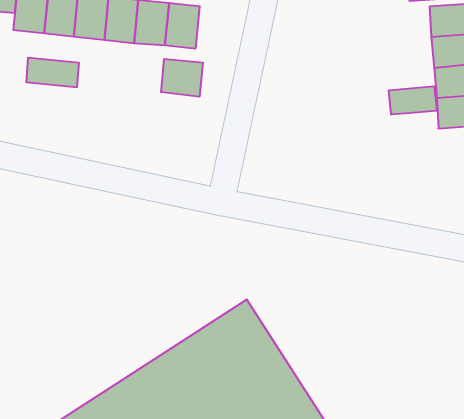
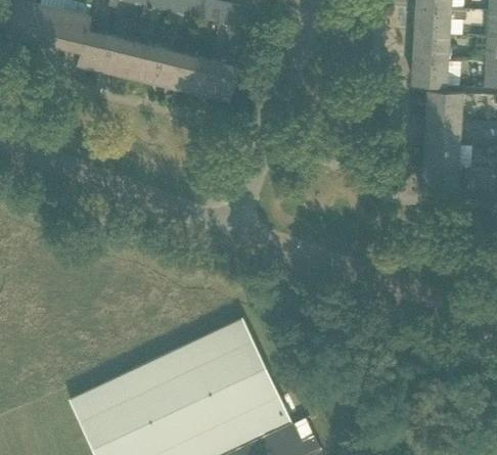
building: [26,58,79,87] -> none
building: [161,59,203,97] -> none
building: [389,86,437,115] -> none

